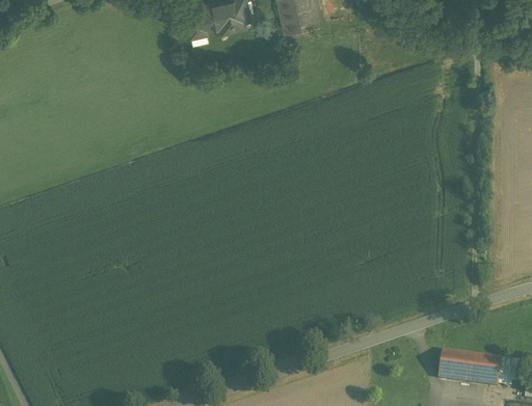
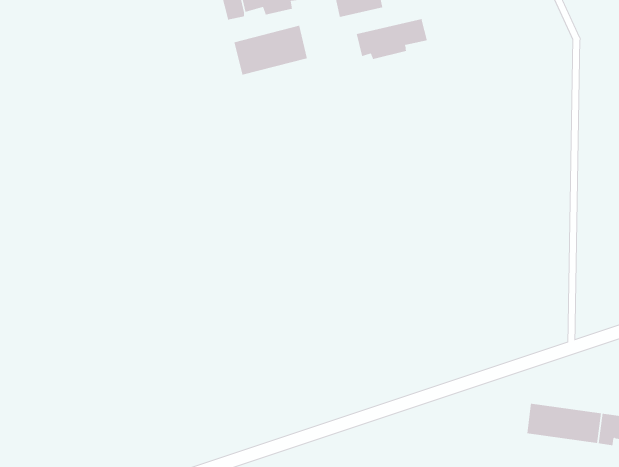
building: none -> [356,18,428,60]
building: none -> [234,25,308,76]

